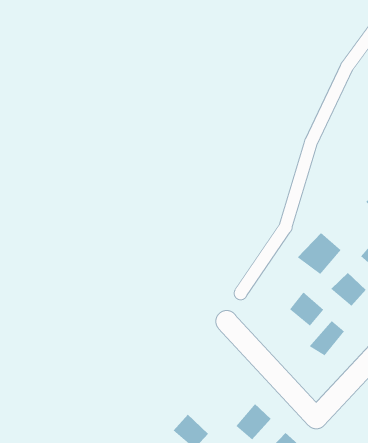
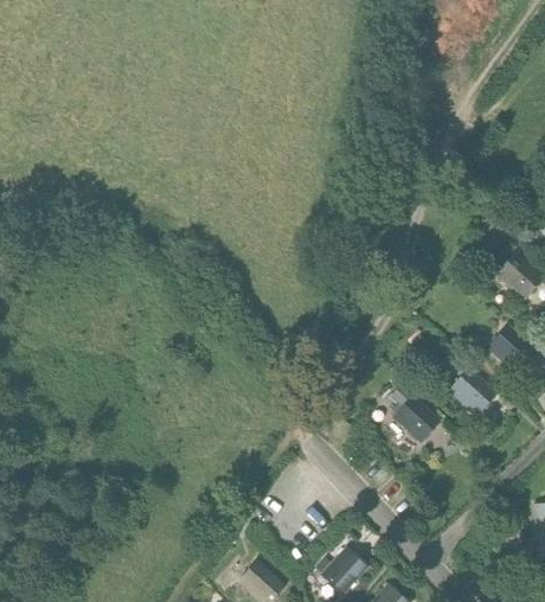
building: [297,232,341,275] -> none
building: [309,320,345,356] -> none

